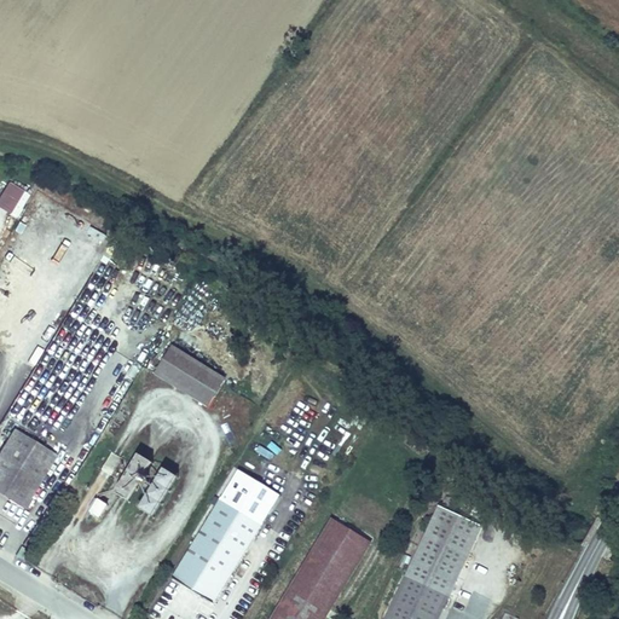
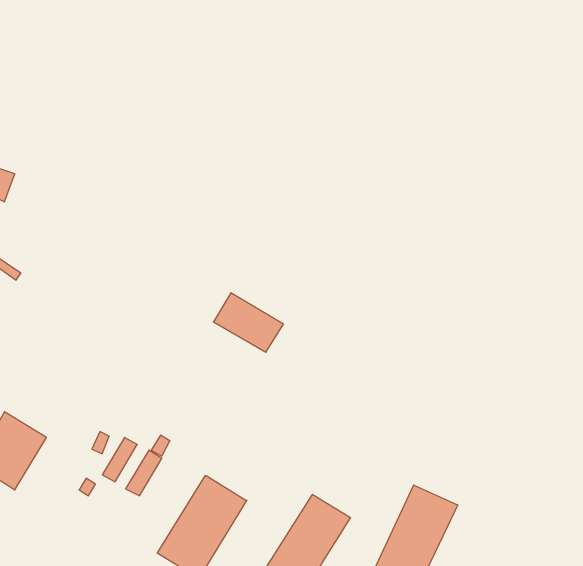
building: [154,346,226,407] -> [213,293,283,352]
building: [221,469,279,522] -> none

